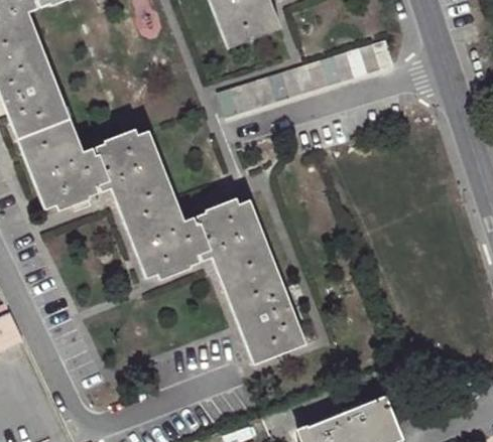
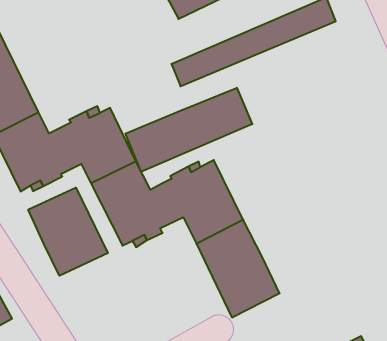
building: none -> [125,88,252,172]
building: none -> [28,188,108,276]

